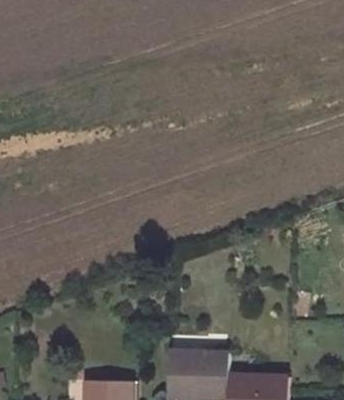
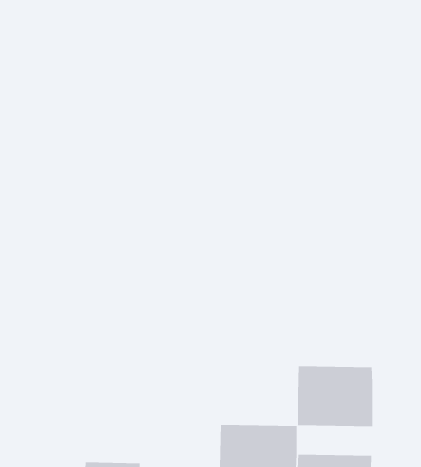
building: none -> [297,366,373,427]

